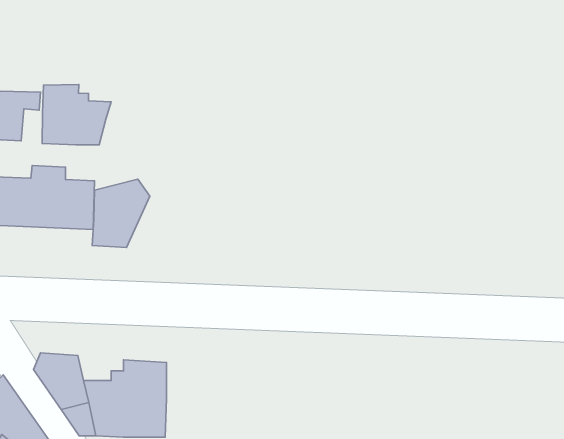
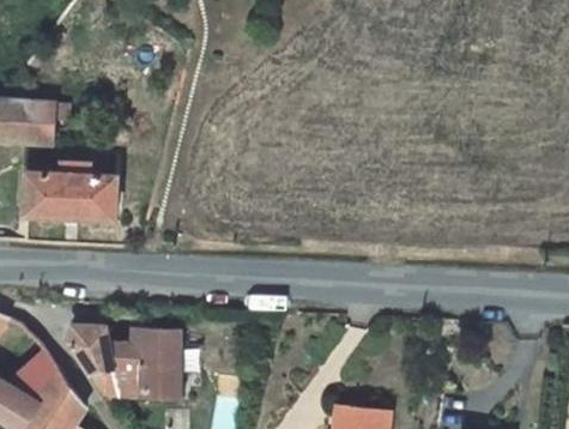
building: [42,84,111,145] -> none
building: [92,179,150,247] -> none

